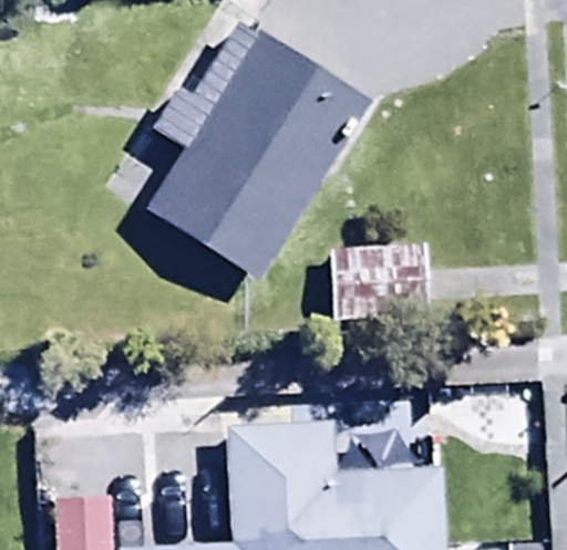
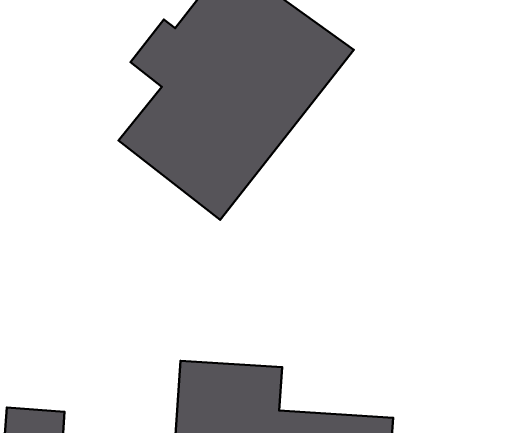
building: [330,246,433,321] -> none

